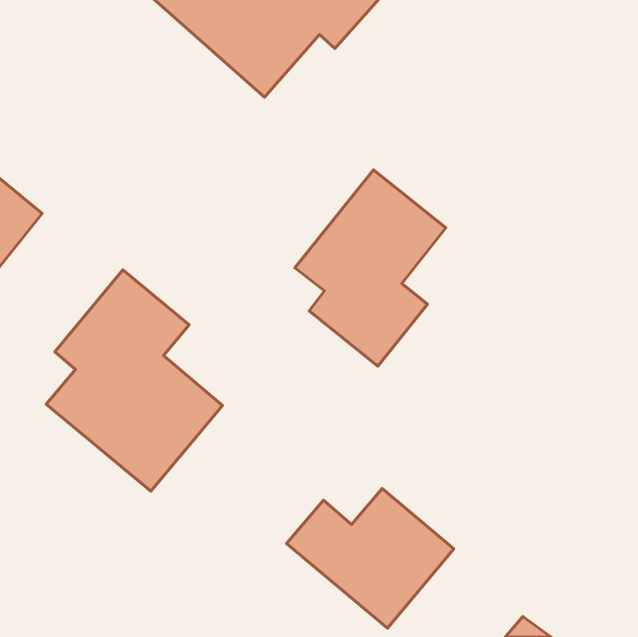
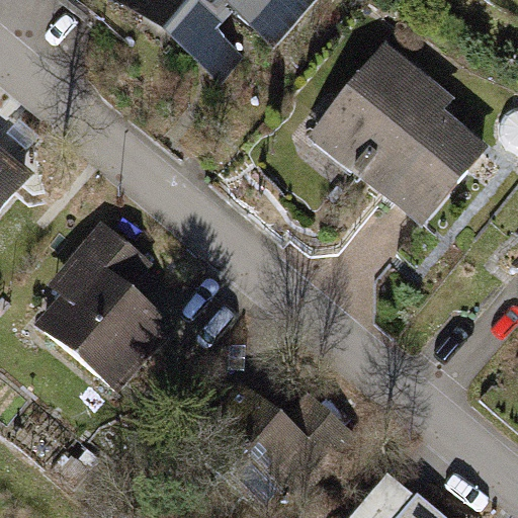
building: none -> [306,40,492,232]
building: [295,170,446,366] -> none

